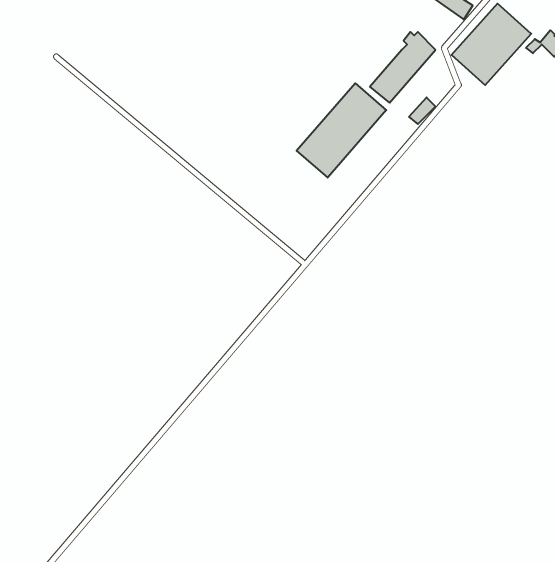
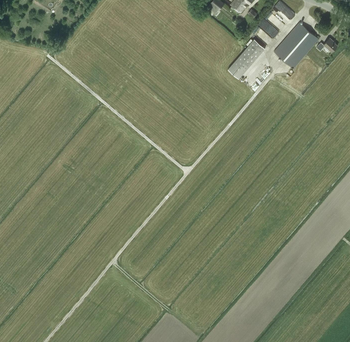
building: [297,83,386,178] -> none

